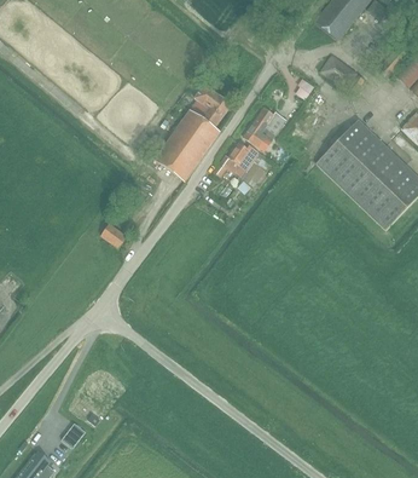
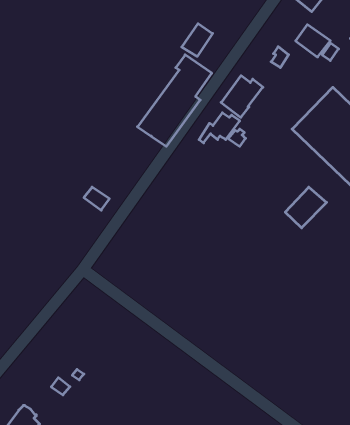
building: none -> [182,24,213,56]
building: none -> [285,187,327,228]

